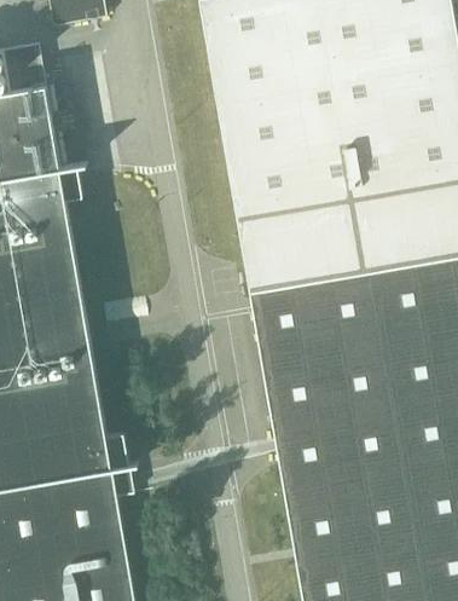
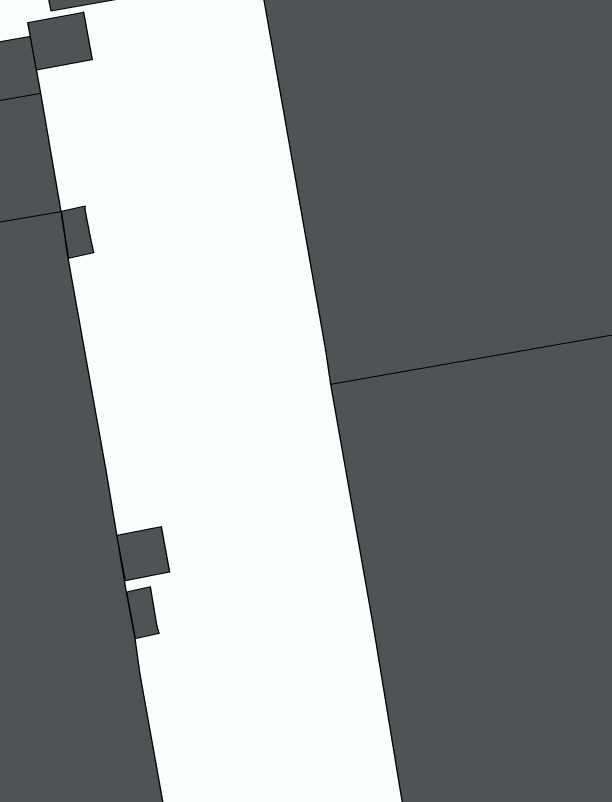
building: none -> [28,12,92,70]
building: none -> [117,527,170,581]

